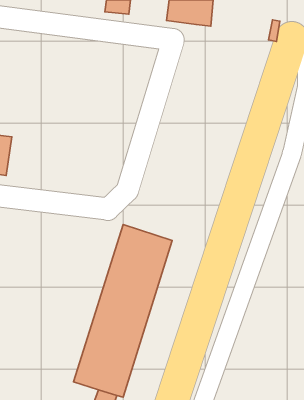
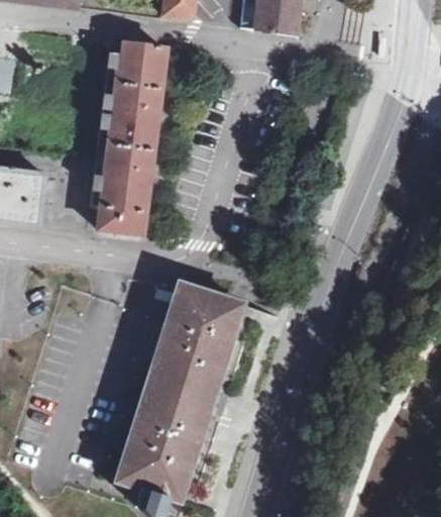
building: none -> [90,38,163,232]

